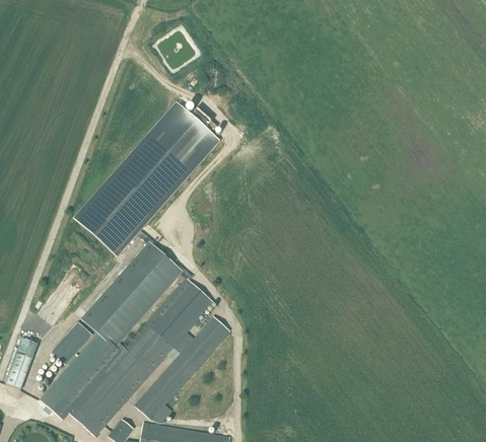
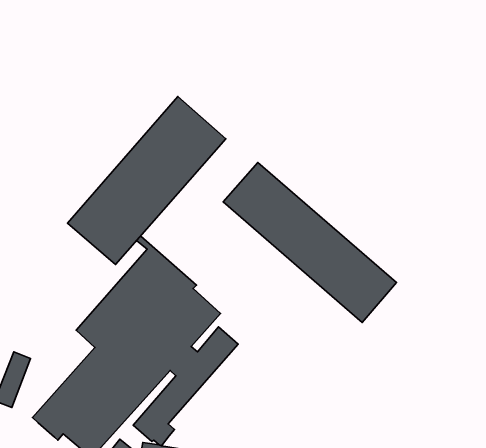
building: none -> [223,163,396,323]
building: [51,322,91,365] -> none

